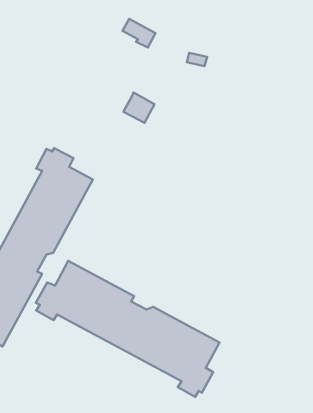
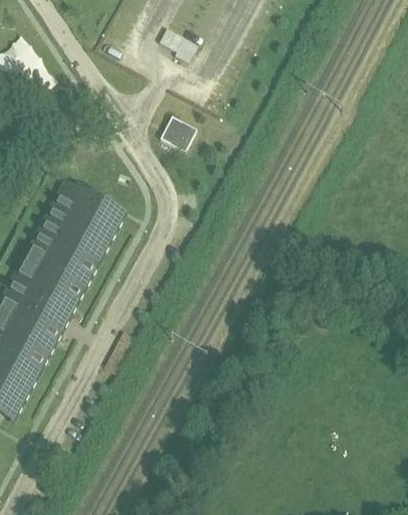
building: [36,261,220,397] -> none

